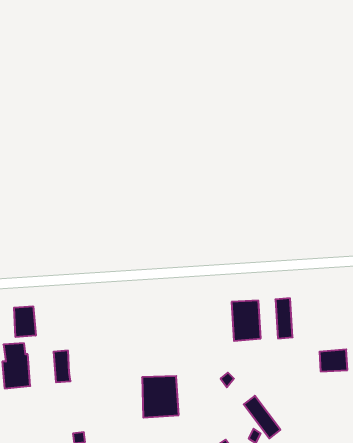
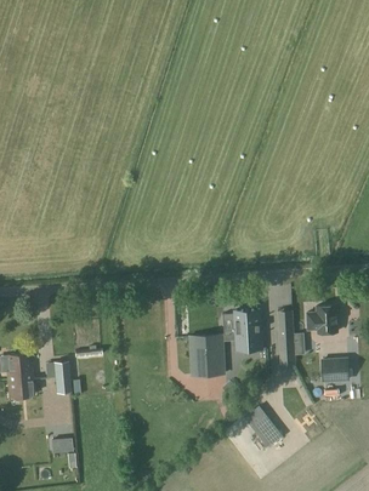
building: none -> [306,306,336,332]
building: [14,306,36,337] -> none
building: [142,376,179,418] -> [188,335,225,376]

